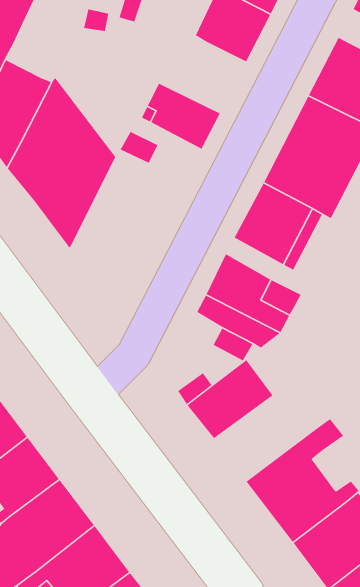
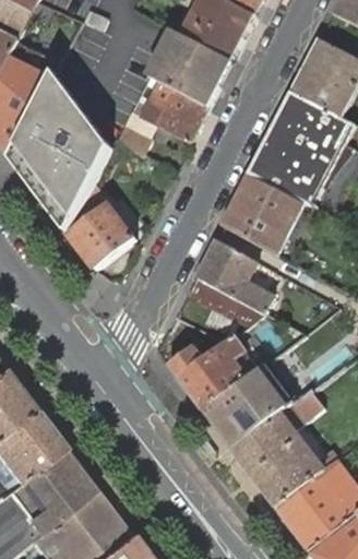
building: none -> [151,29,232,107]
building: none -> [68,199,134,267]
building: none -> [202,359,298,449]

